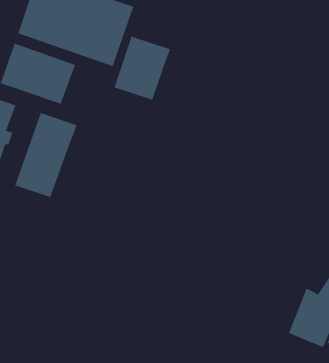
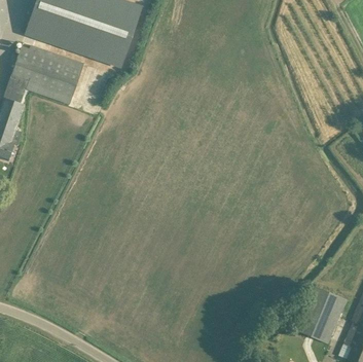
building: [114,36,171,100] -> none
building: [14,112,77,198] -> none

